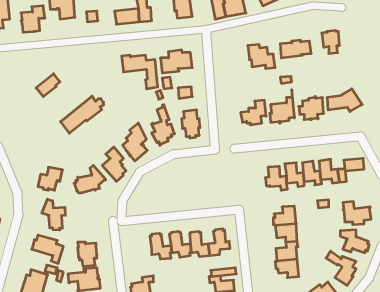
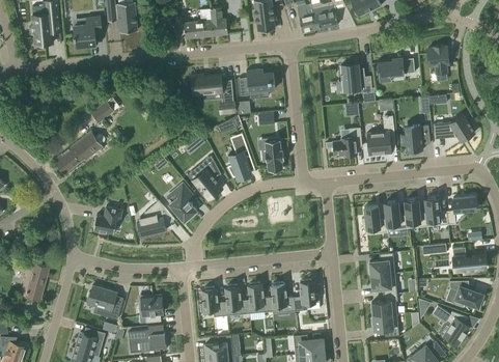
building: [60,96,104,133] -> [54,131,105,174]
building: [42,199,65,230] -> none
building: none -> [200,287,227,316]

